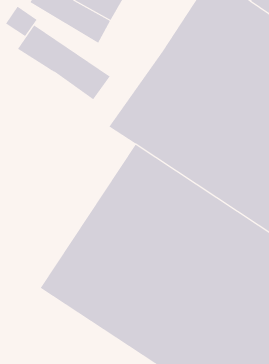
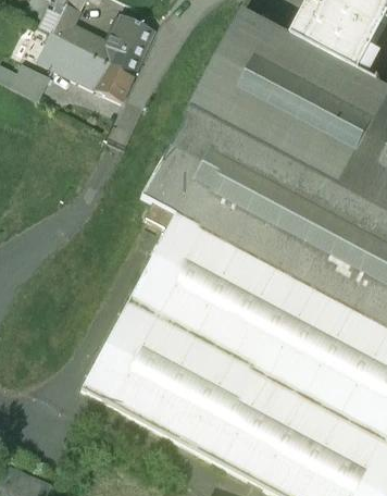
building: [17,24,111,100] -> none

